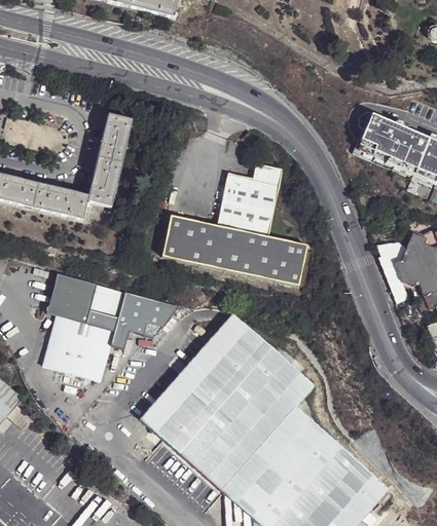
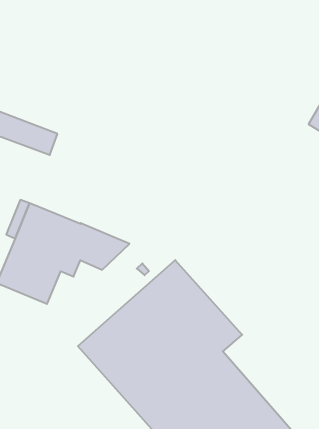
building: [87,114,133,205] -> none
building: [163,162,308,285] -> none

